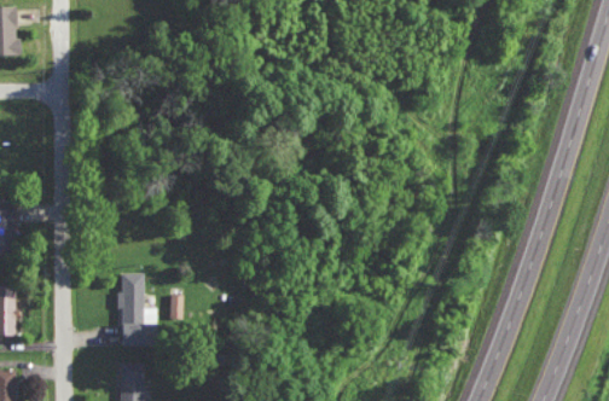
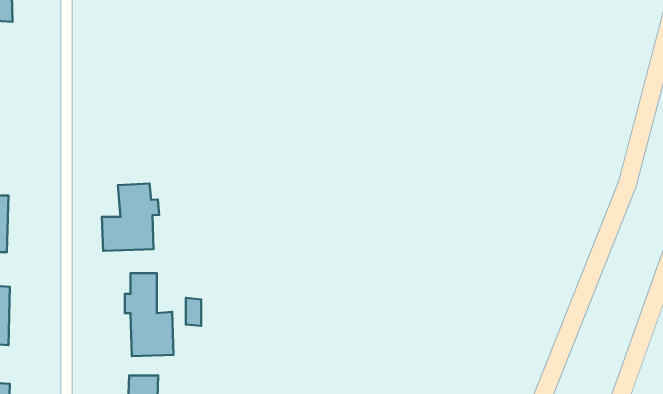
building: none -> [102,184,159,251]

